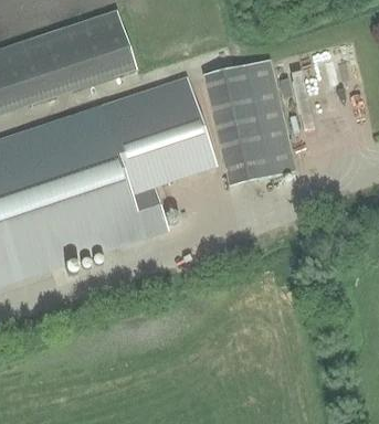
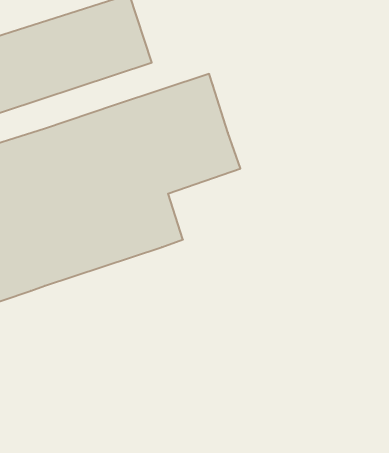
building: [203,56,295,184] -> none

